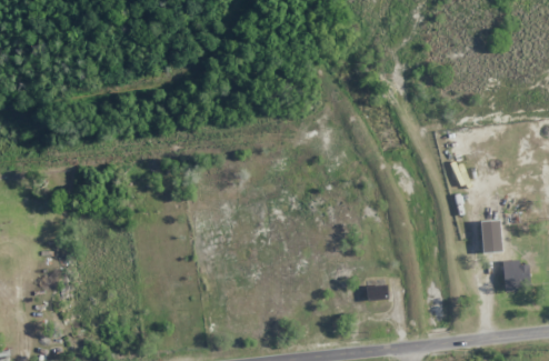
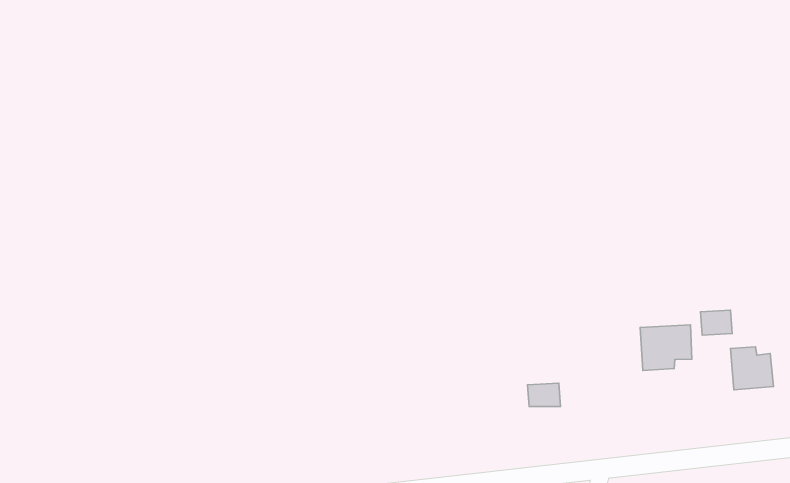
building: none -> [640,325,692,371]

